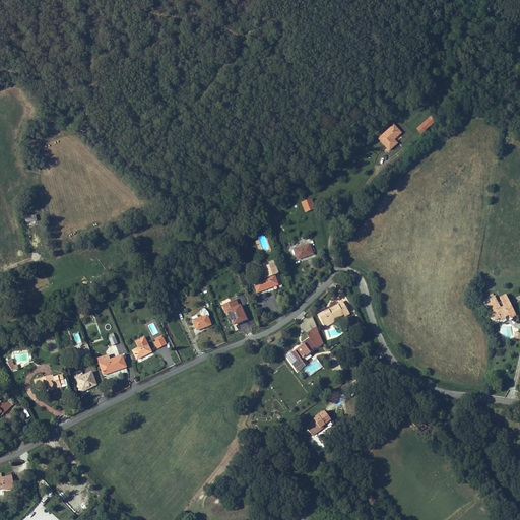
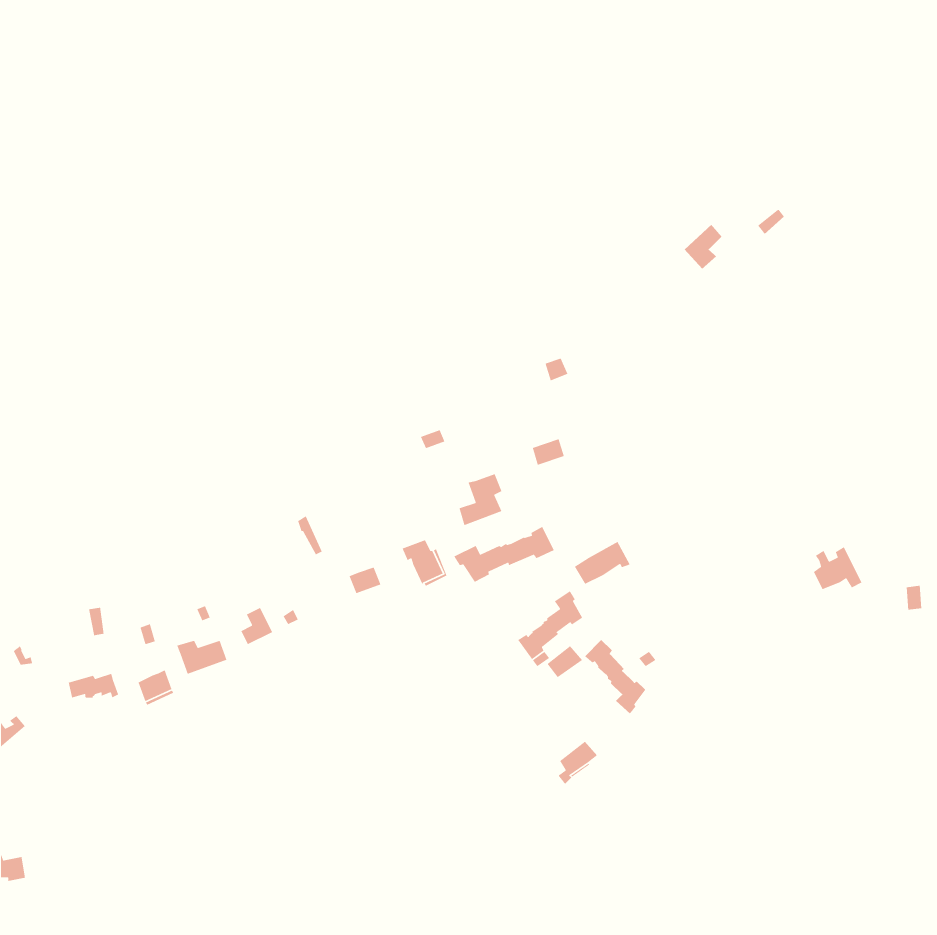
building: none -> [453,526,555,583]
building: [488,294,515,318] -> [813,546,862,590]
building: none -> [584,639,646,715]

